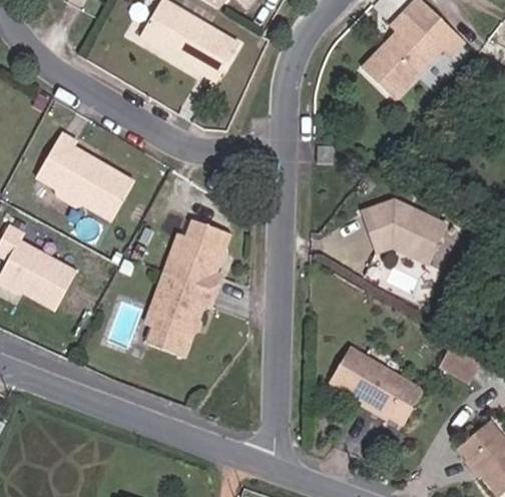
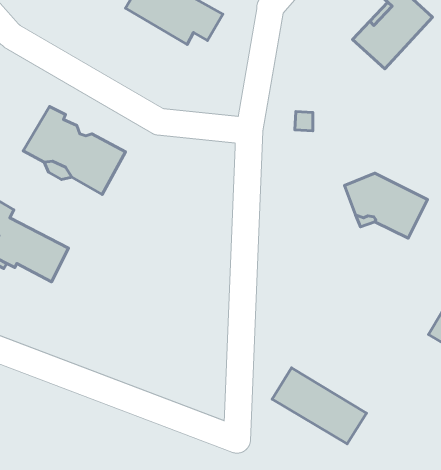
building: [157,219,226,349] -> none
building: [329,349,422,424] -> [272,368,366,444]

